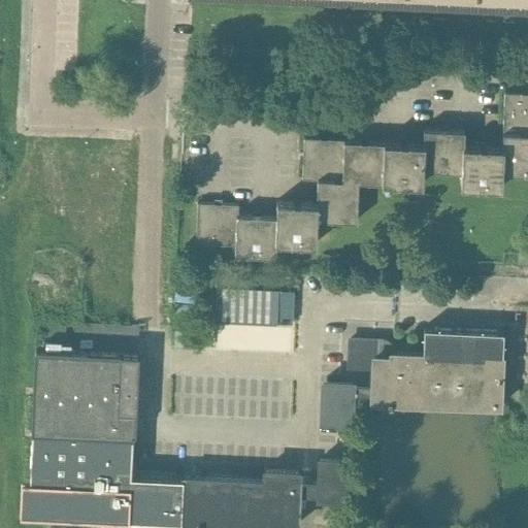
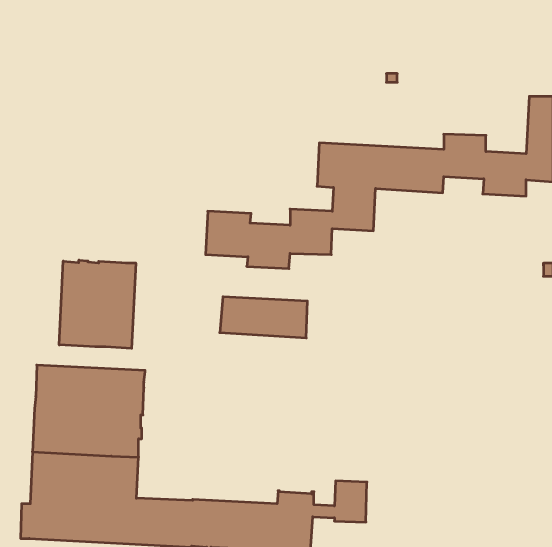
building: none -> [59,260,136,348]
building: [322,332,504,425] -> none

